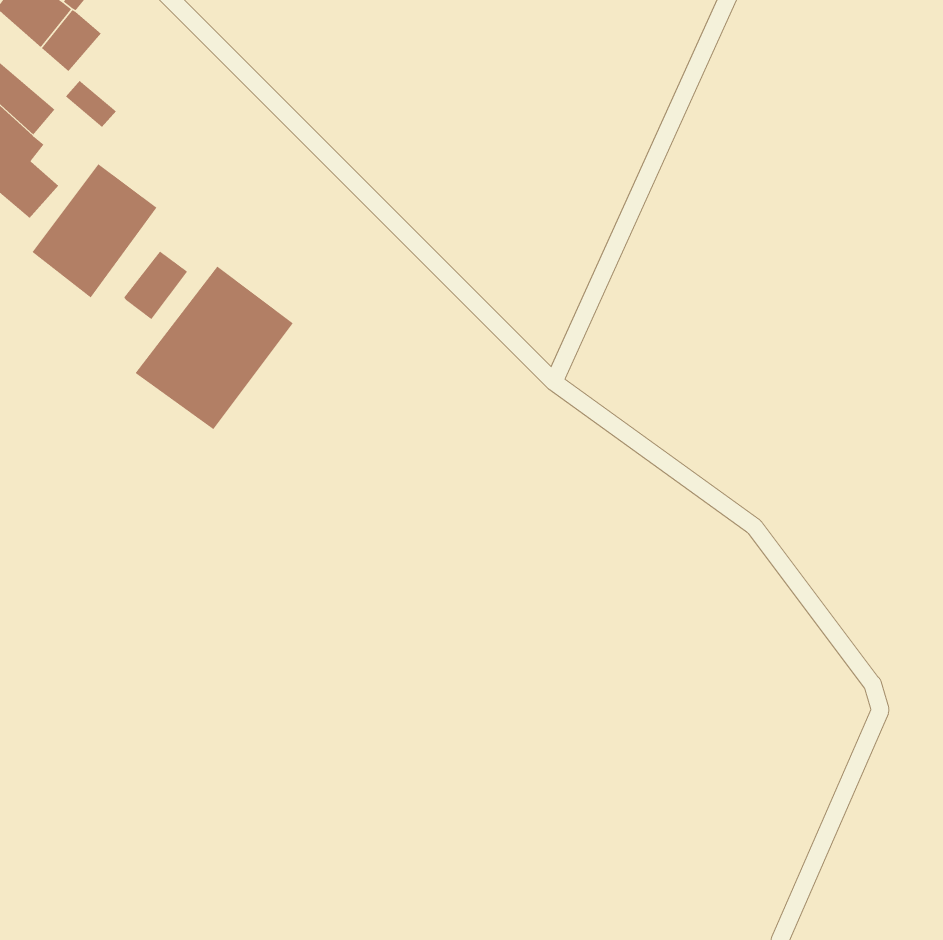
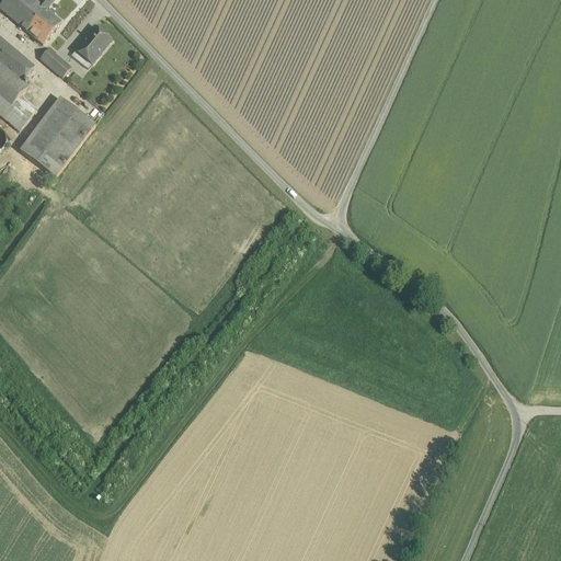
building: none -> [73,25,108,61]
building: [123,251,188,320] -> none
building: [135,266,294,430] -> none

